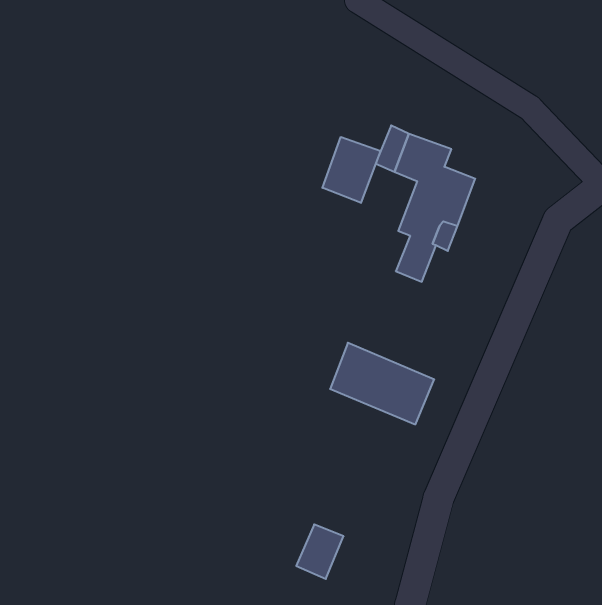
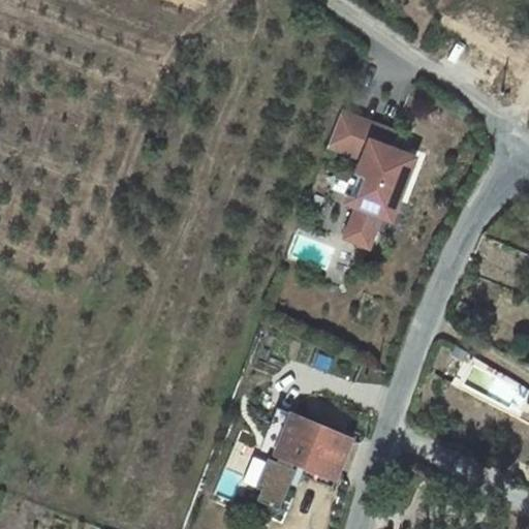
building: [322,137,380,203] -> none
building: [330,343,434,424] -> [260,408,351,479]

